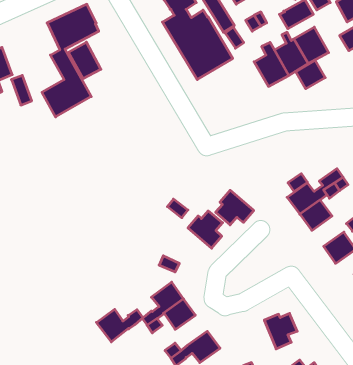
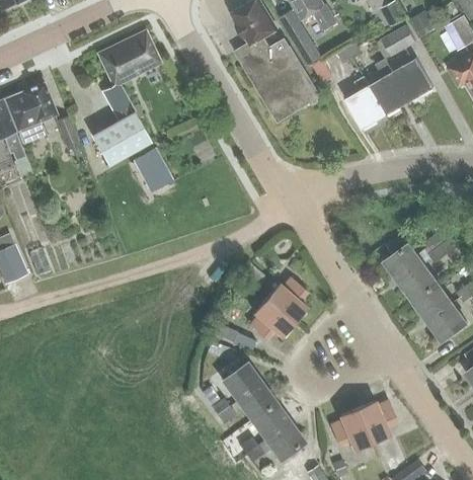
building: [69,42,101,79] -> [133,148,171,191]
building: [295,60,325,89] -> none
building: [216,190,254,225] -> [248,298,294,339]
building: none -> [413,284,452,320]
building: [96,309,143,342] -> none
building: none -> [250,402,289,438]
building: none -> [329,408,371,450]

